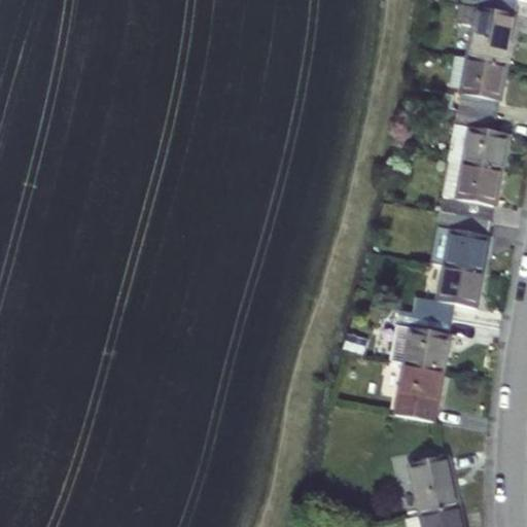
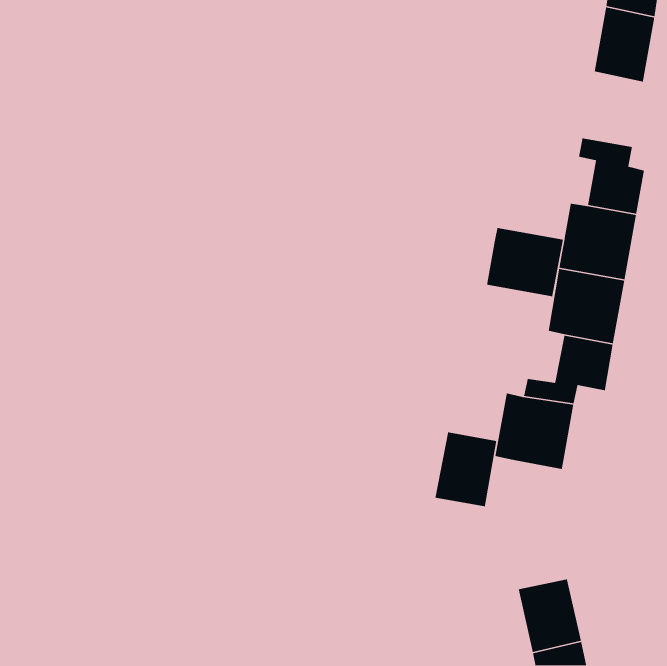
building: [445,55,506,115] -> none
building: none -> [486,227,564,297]
building: [393,362,443,422] -> [434,431,497,507]

